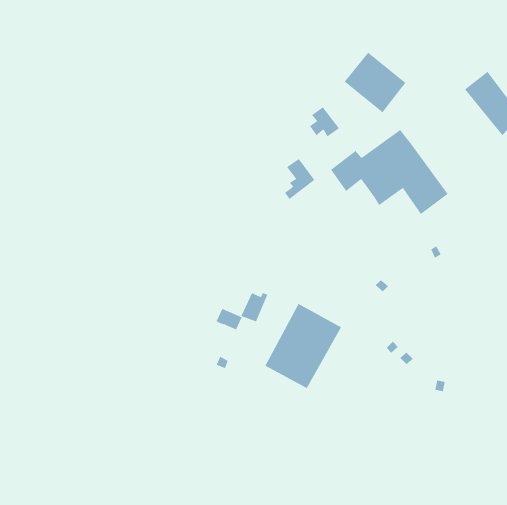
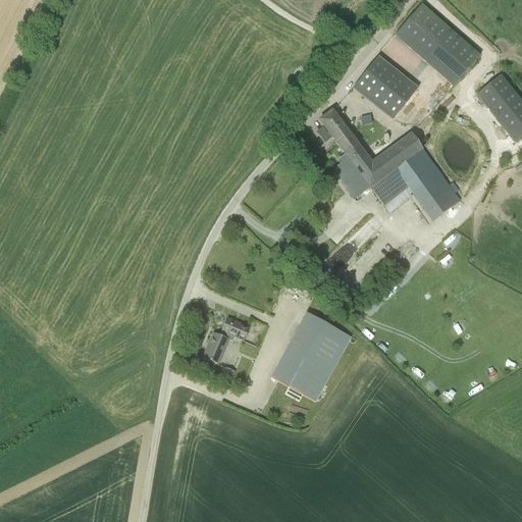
building: none -> [397,6,478,83]
building: [284,158,315,200] -> [334,132,366,174]
building: [240,292,268,322] -> [203,331,231,362]

